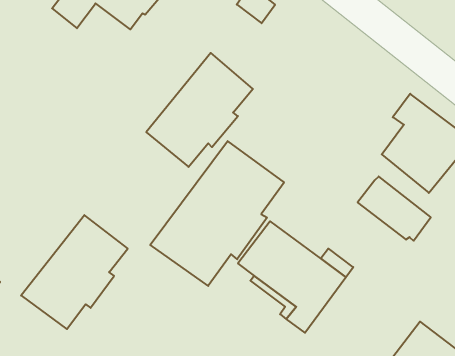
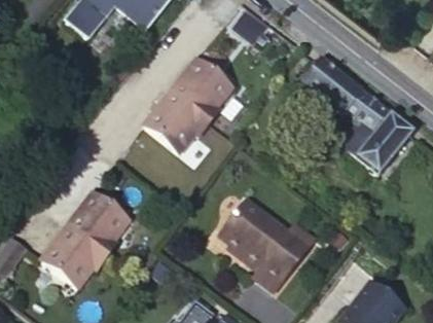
building: [150,141,284,286] -> none
building: [358,176,431,241] -> [302,58,363,111]

